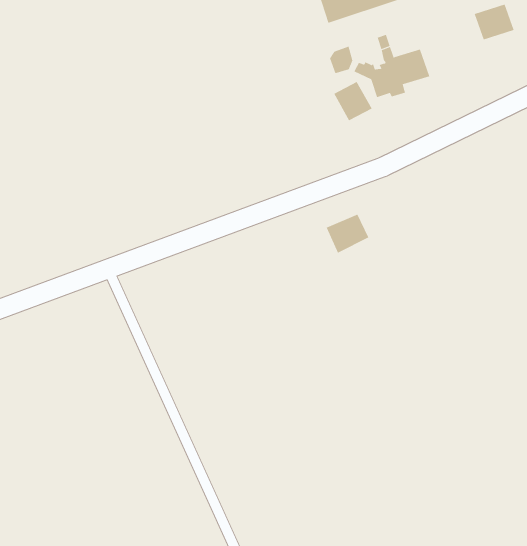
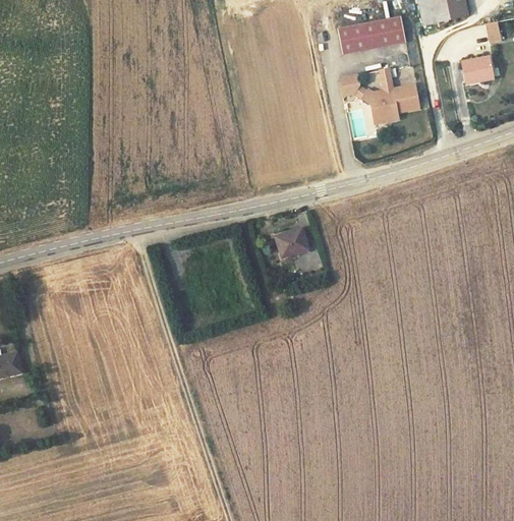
building: [333,81,372,121] -> none
building: [326,214,369,254] -> [275,225,309,255]

